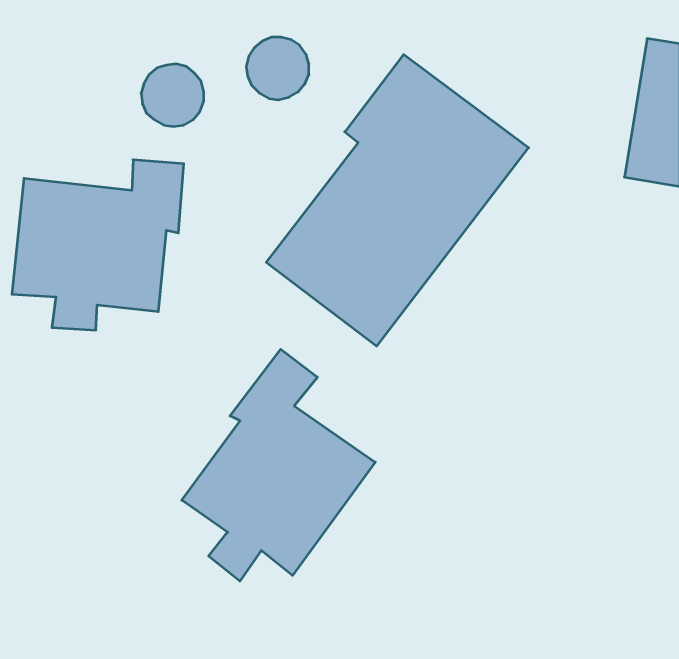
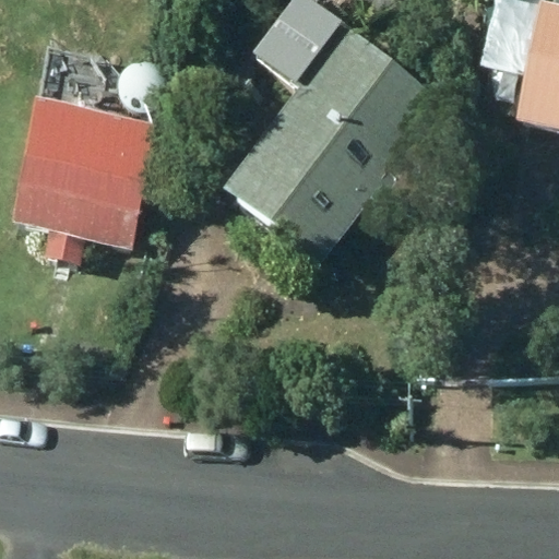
building: [182,349,375,581] -> none

